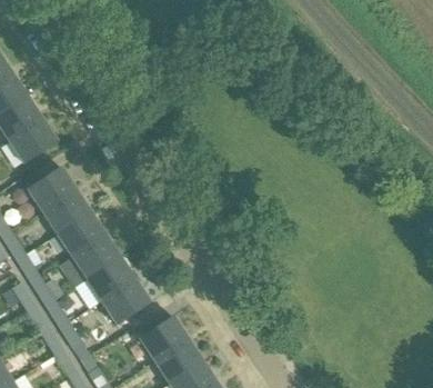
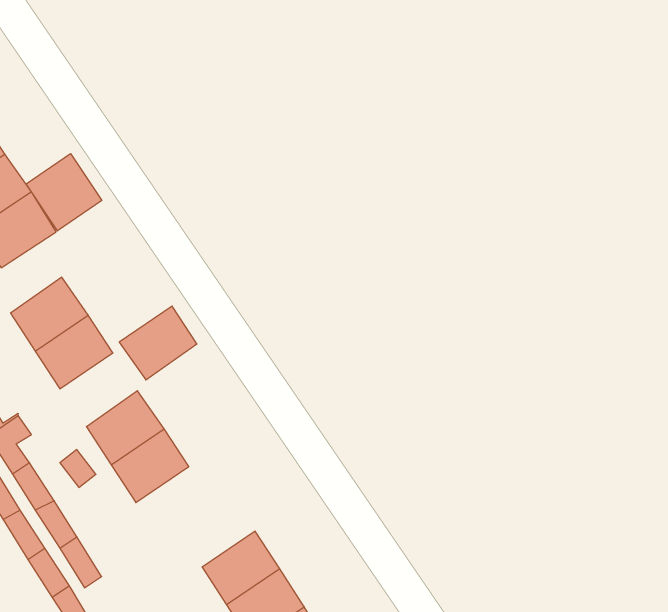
building: none -> [26,154,102,231]
building: [59,212,104,256] -> [119,306,197,380]
building: [103,279,150,322] -> none

